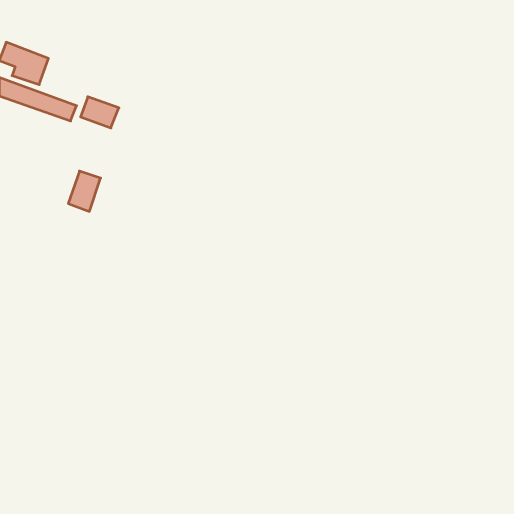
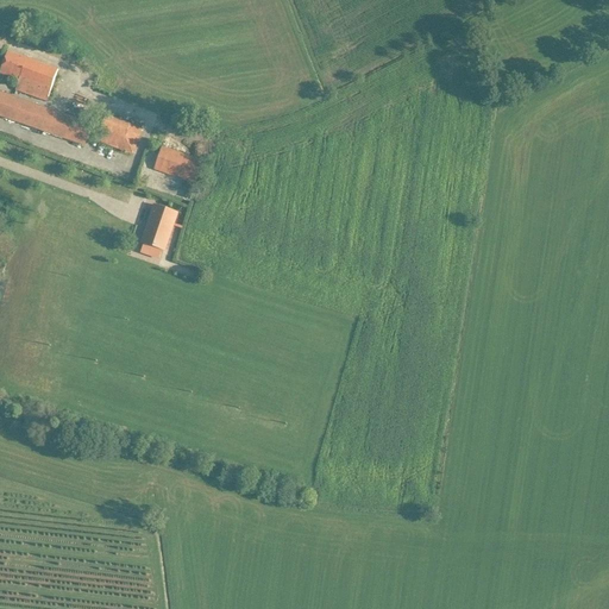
building: none -> [153,147,200,181]
building: [68,171,101,211] -> [139,203,177,251]

